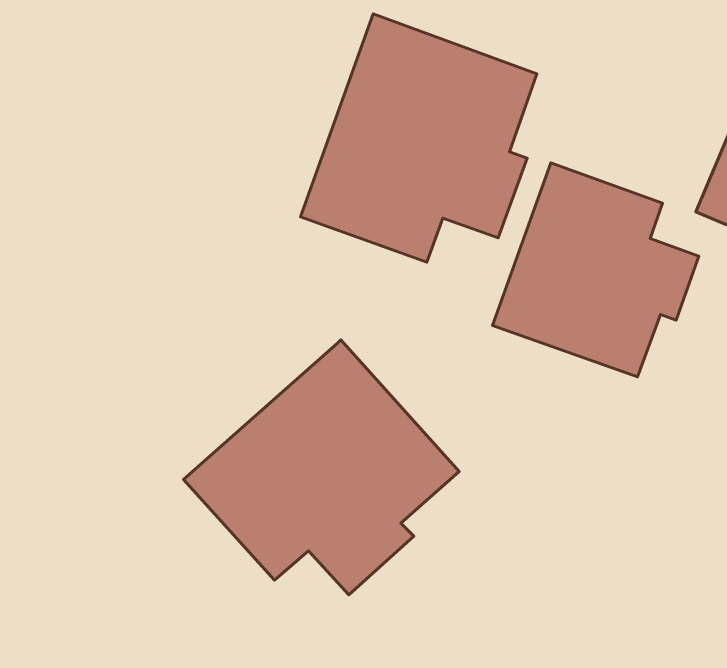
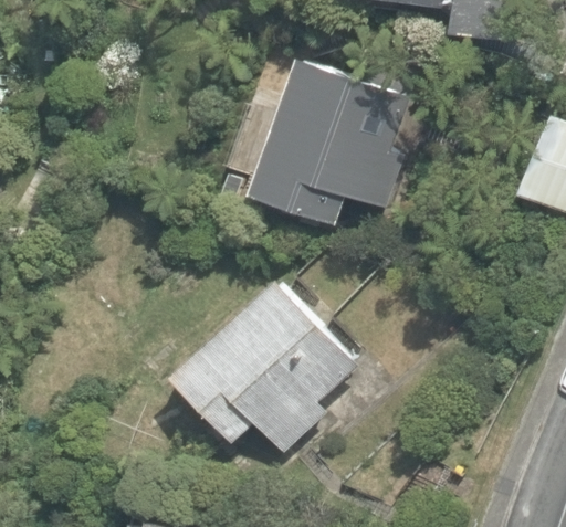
building: [492,163,699,377] -> none

